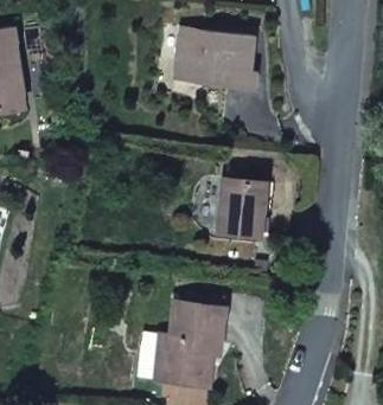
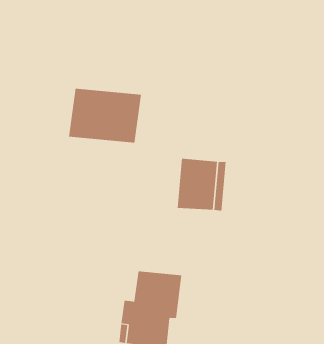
building: [173,25,254,85] -> [68,88,142,143]

